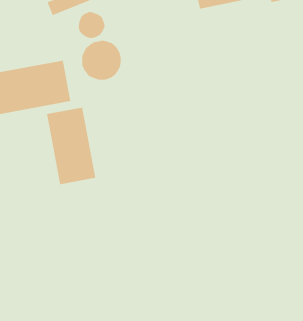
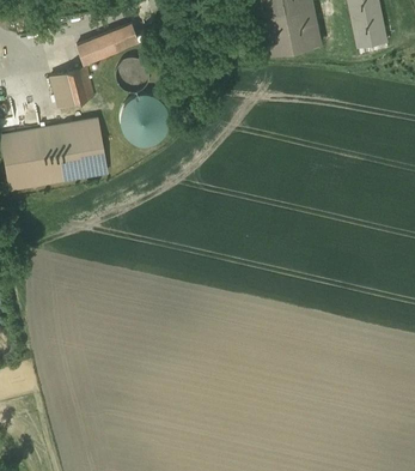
building: none -> [50,67,93,107]
building: [46,107,96,185] -> none

